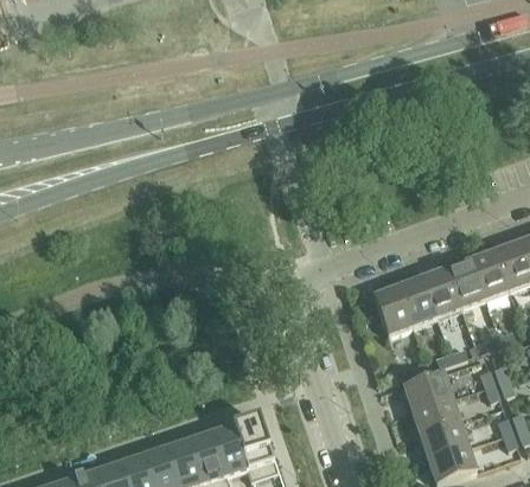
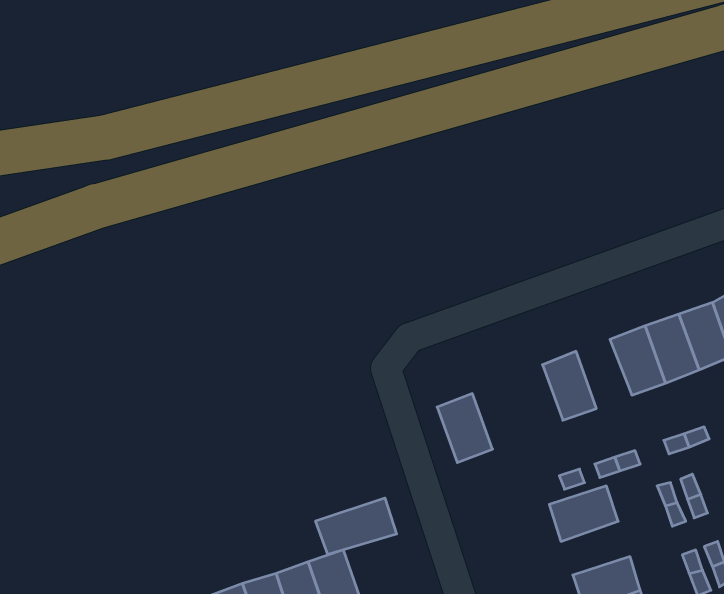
building: [422,267,461,315] -> none
building: [373,284,413,333] -> [437,394,493,463]
building: none -> [316,498,397,555]
building: [411,395,460,432] -> none

